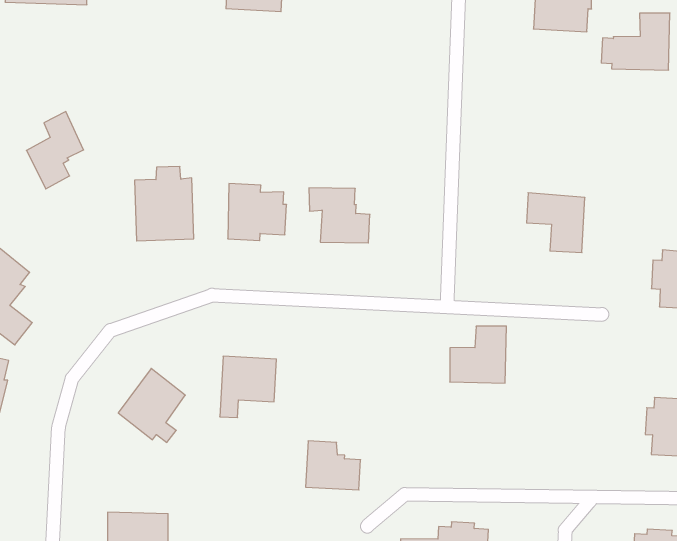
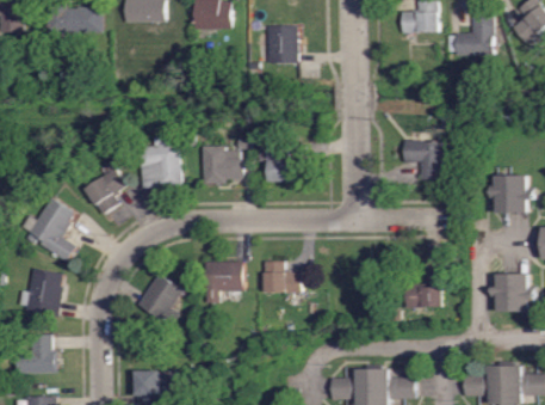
building: none -> [268,25,297,62]
building: [26,112,84,189] -> [87,160,125,213]
building: [450,326,506,383] -> [403,268,441,307]
building: [306,441,361,490] -> [264,260,299,292]

